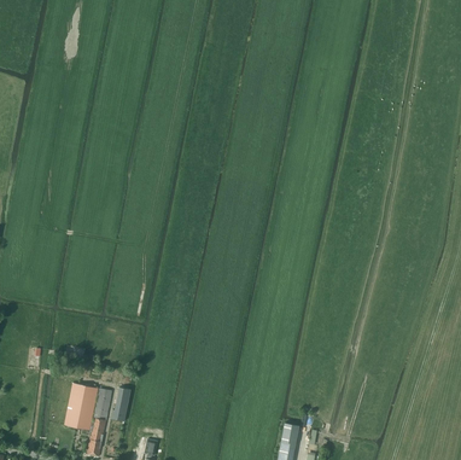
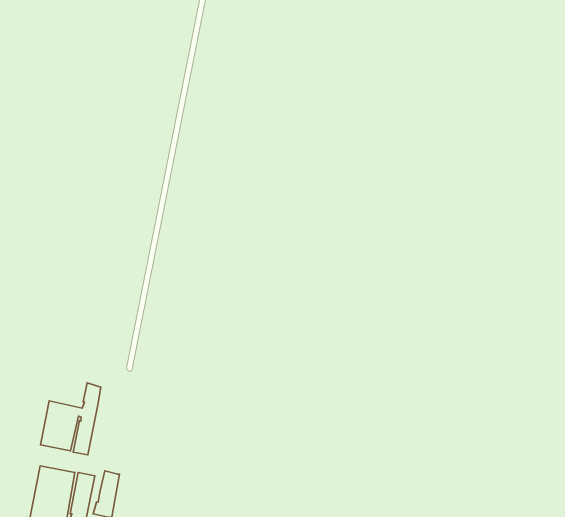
building: none -> [40,383,101,455]

